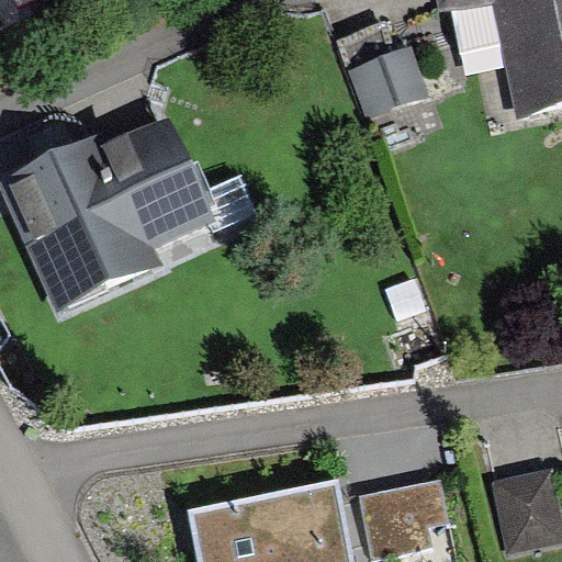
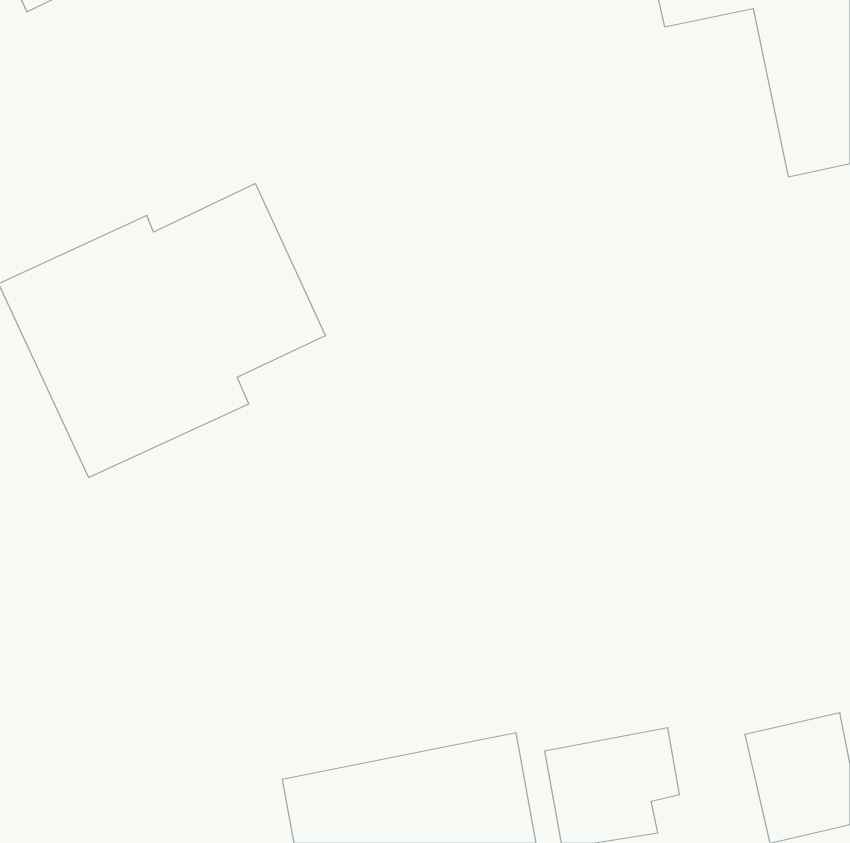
building: [337,22,430,119] -> none

